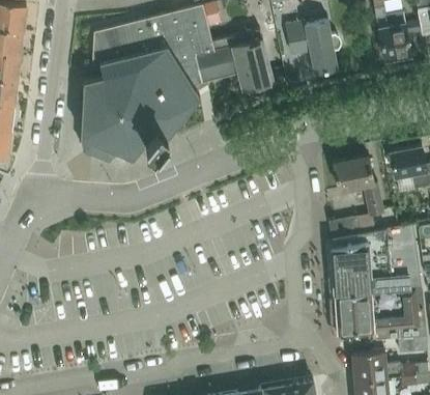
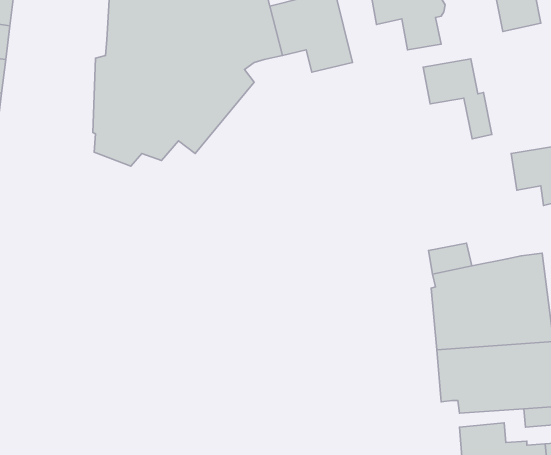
building: [334,157,384,216] -> [423,59,492,139]

